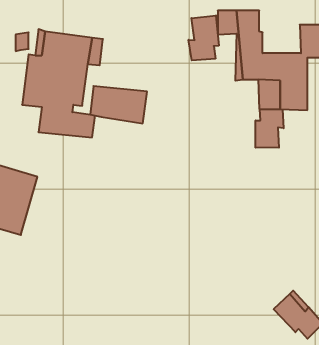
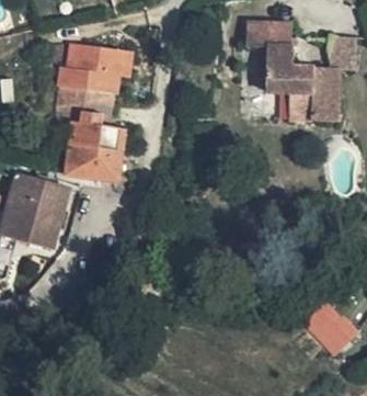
building: [189,15,219,60] -> none
building: [90,86,147,123] -> [66,144,123,181]
building: [256,109,284,148] -> none

